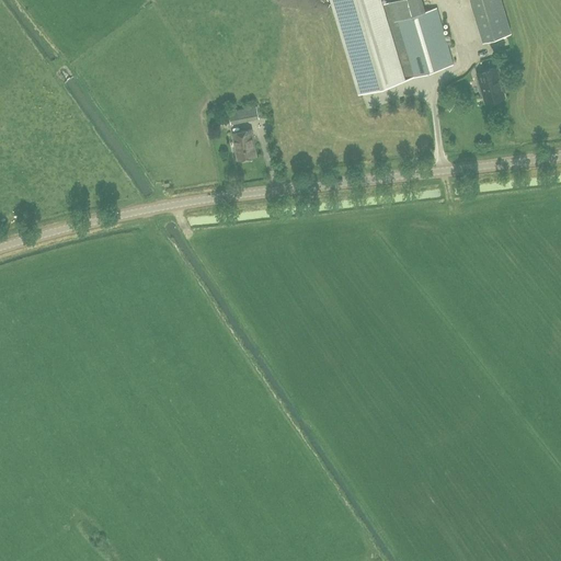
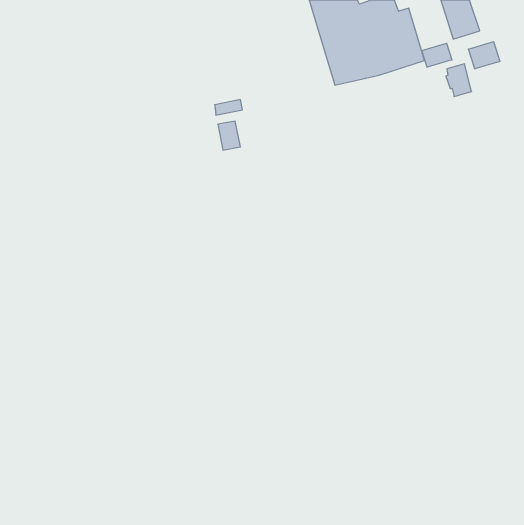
building: none -> [468,42,500,69]
building: none -> [422,43,452,67]

